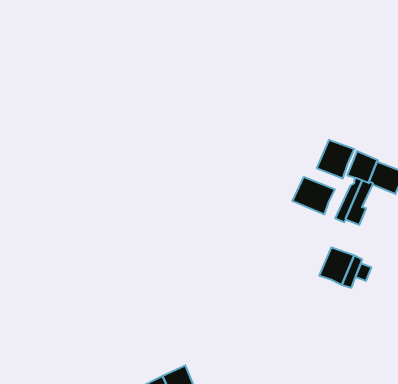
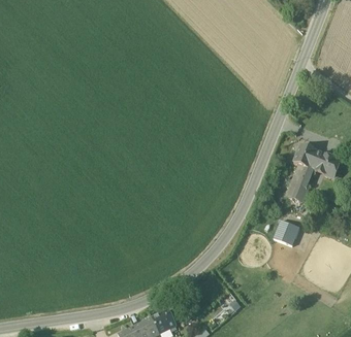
building: [317,140,354,179] -> none
building: [292,177,335,214] -> none

